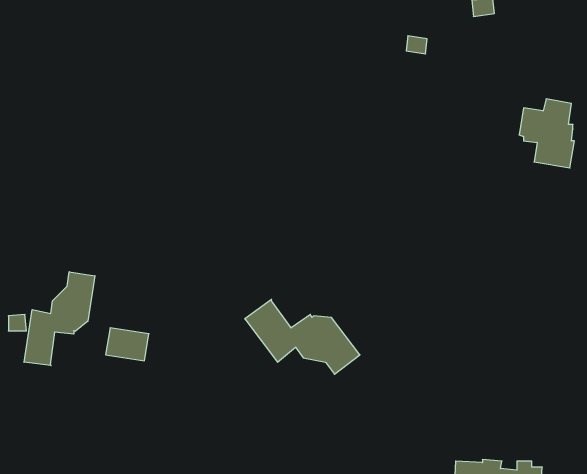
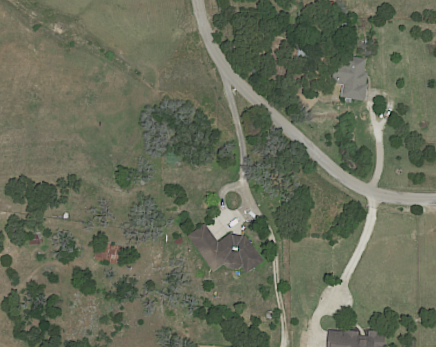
building: [519,99,574,168] -> [330,55,367,101]
building: [24,272,95,366] -> none

